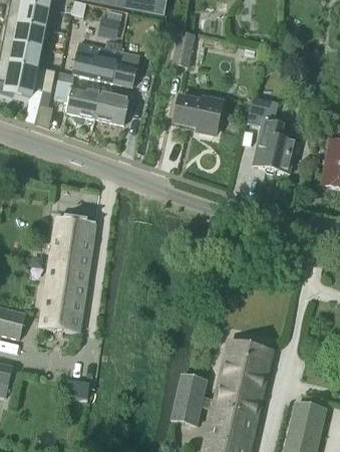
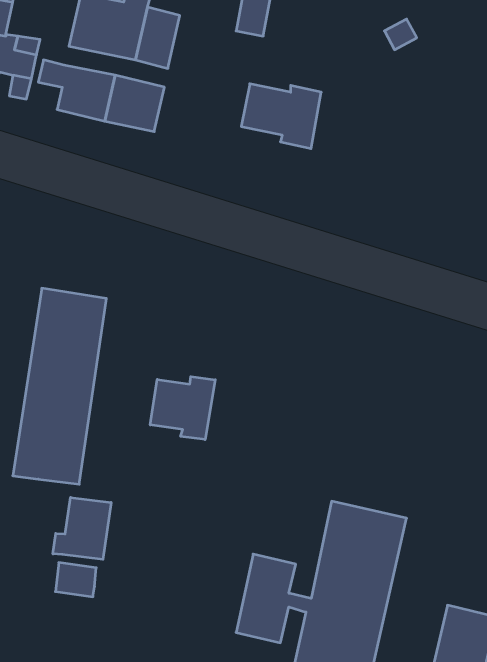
building: [246,95,297,175] -> none
building: none -> [150,377,215,440]
building: none -> [53,497,111,559]

